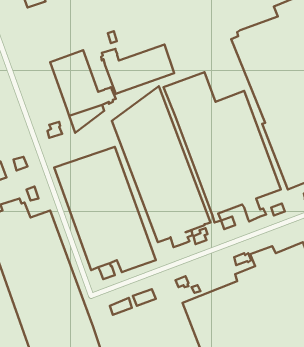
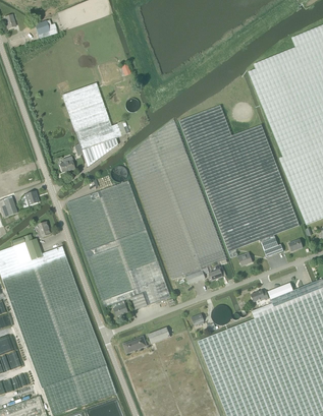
building: [101,44,174,94] -> none

